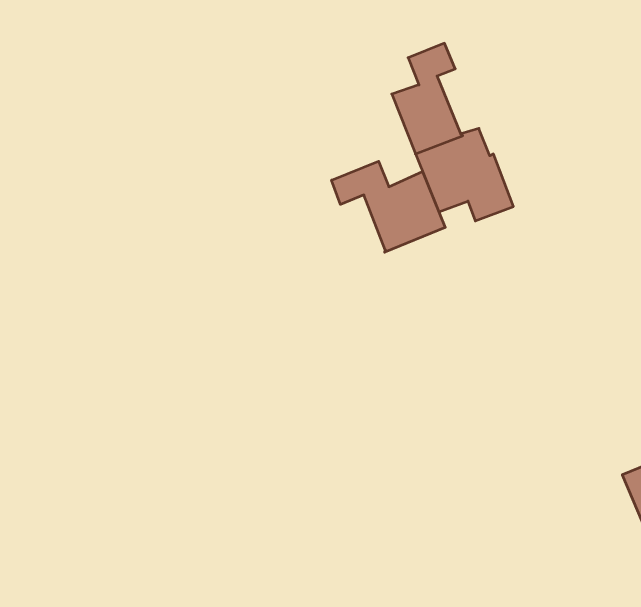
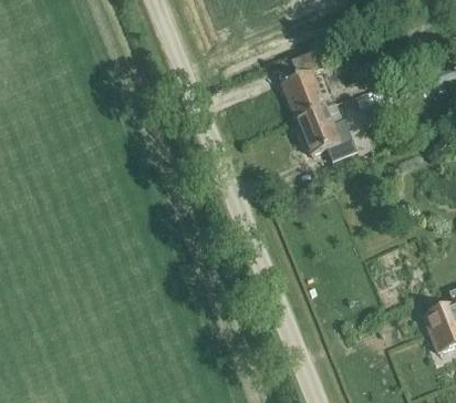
building: [332,161,445,252] -> none

